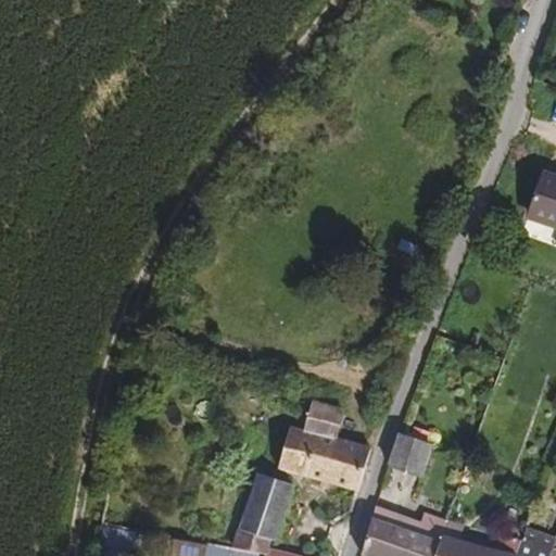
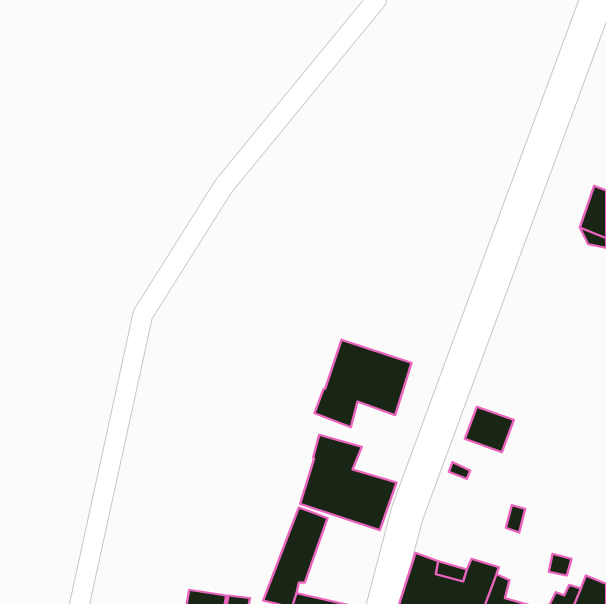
building: none -> [314,340,411,427]
building: [388,434,432,476] -> [465,407,514,452]

